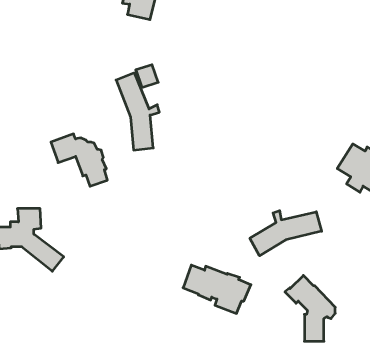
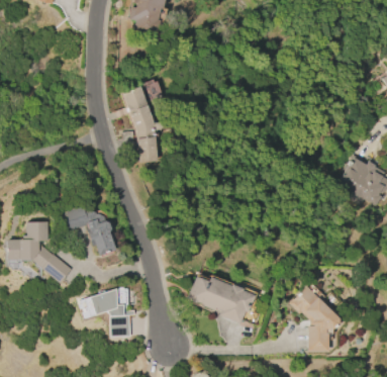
building: [51,134,107,186] -> [62,204,117,256]
building: [250,211,322,256] -> none
building: none -> [78,287,135,337]

